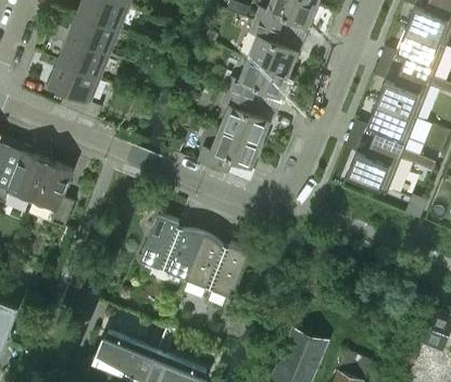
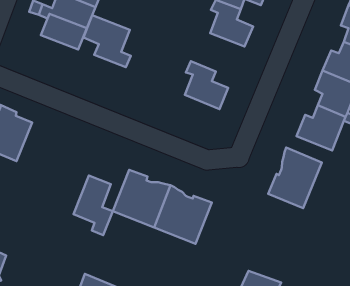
building: [227,59,288,102] -> none
building: [48,61,101,119] -> [84,15,131,67]
building: [199,128,260,173] -> none
building: [30,160,75,227] -> [73,176,113,235]
building: none -> [268,148,322,208]

